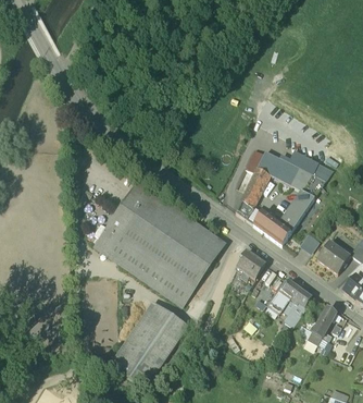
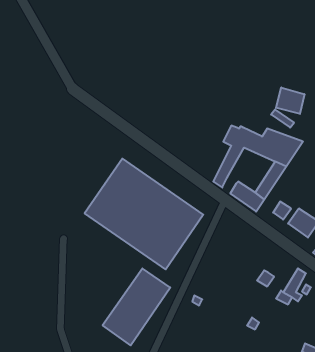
building: none -> [276,87,304,114]
building: [237,251,265,281] -> none
building: [268,281,312,316] -> none

